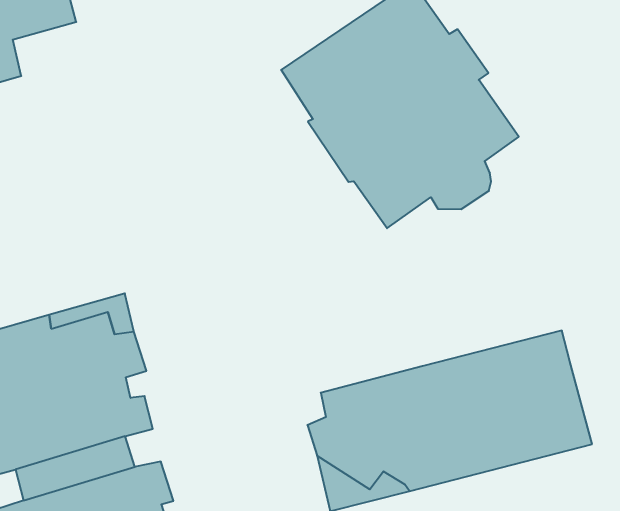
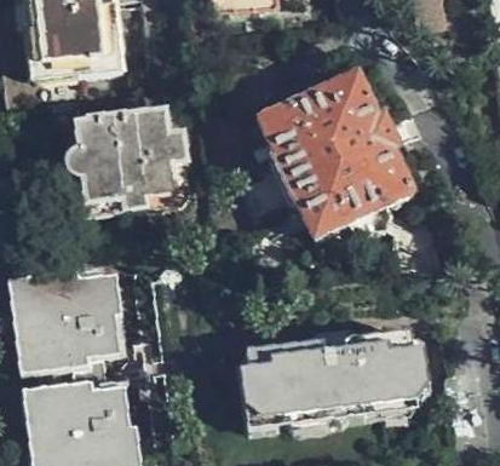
building: none -> [73,109,185,211]

